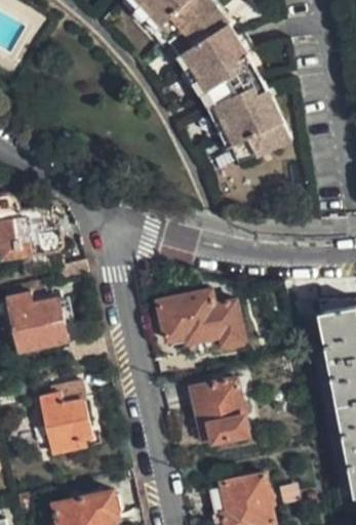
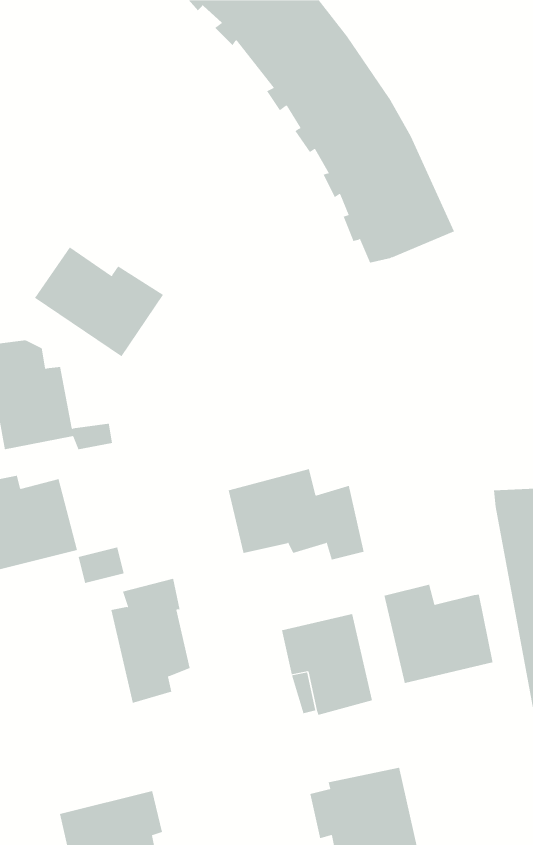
building: none -> [34,247,164,357]
building: none -> [384,584,493,684]
building: [41,380,90,457] -> [111,578,191,703]

